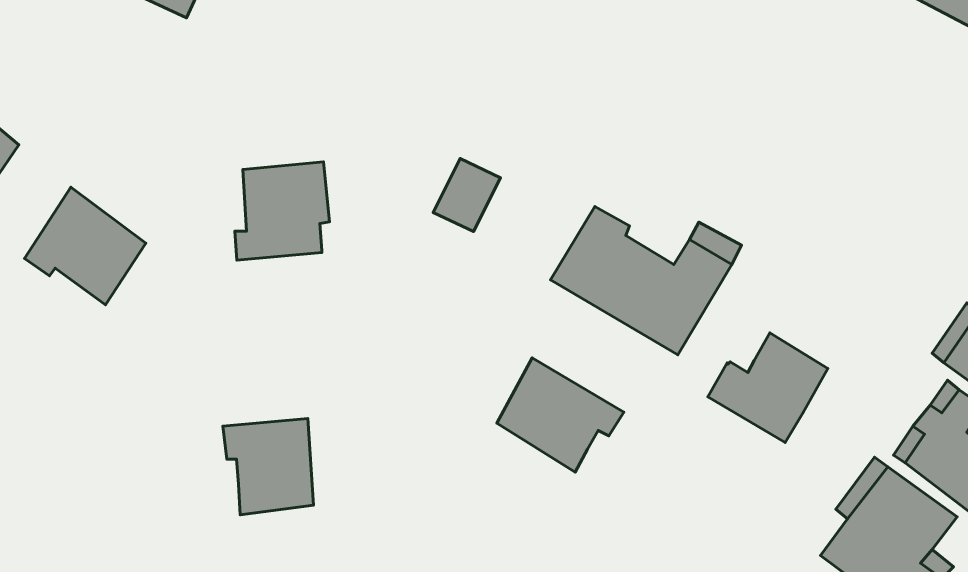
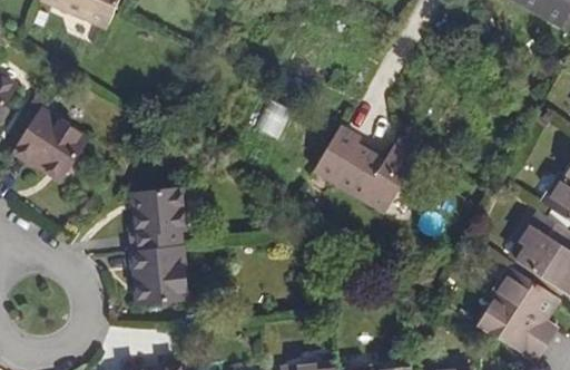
building: [235,162,329,260] -> [129,195,184,252]
building: [708,333,828,443] -> none
building: [497,358,624,472] -> none

